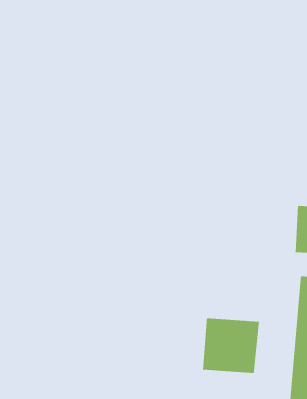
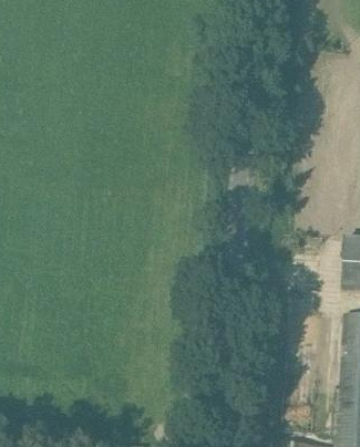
building: [202,317,259,374] -> none

